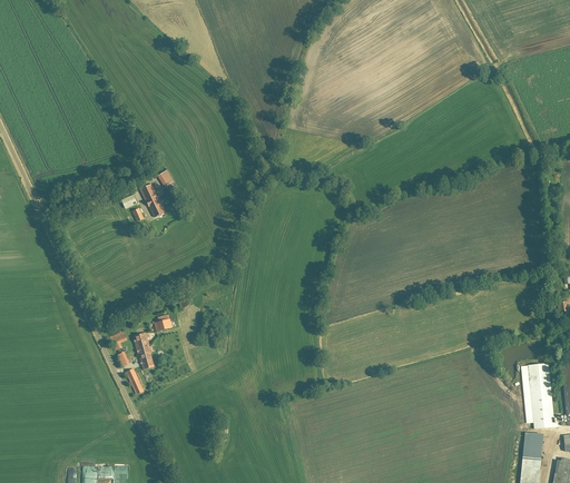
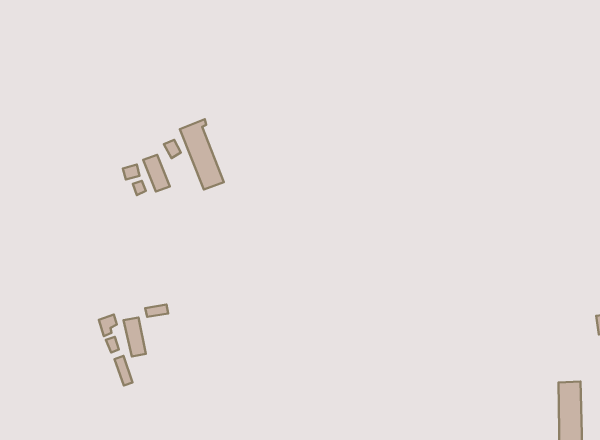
building: none -> [180,119,224,190]

